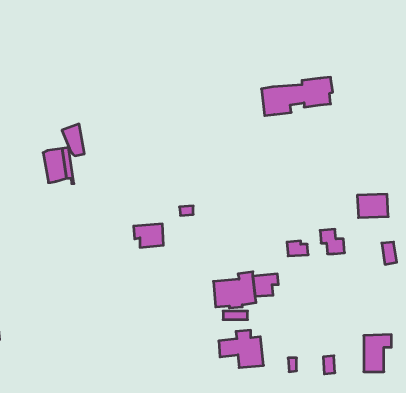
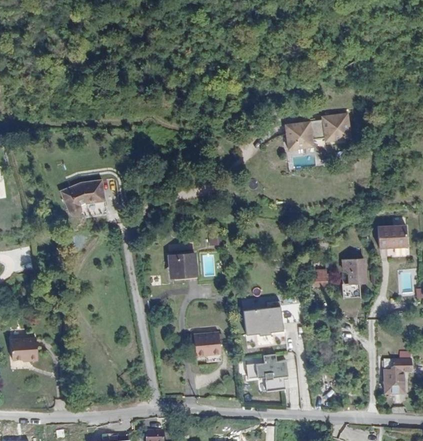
building: [62,124,84,156] -> [65,186,86,216]
building: none -> [191,330,218,354]

